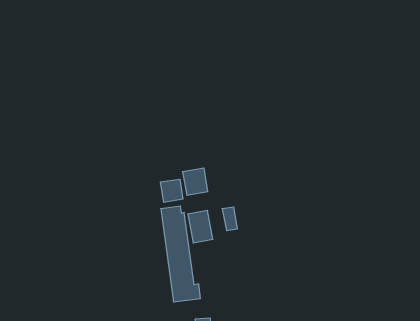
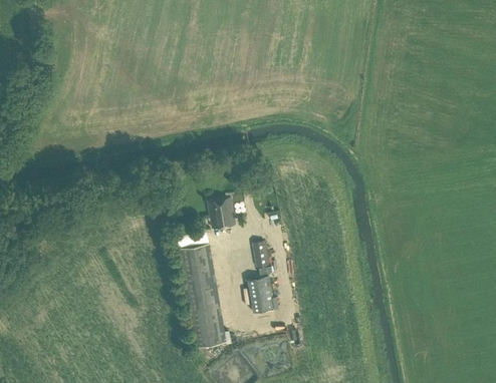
building: [161,179,183,202] -> none
building: [188,210,213,243] -> [247,277,275,313]

